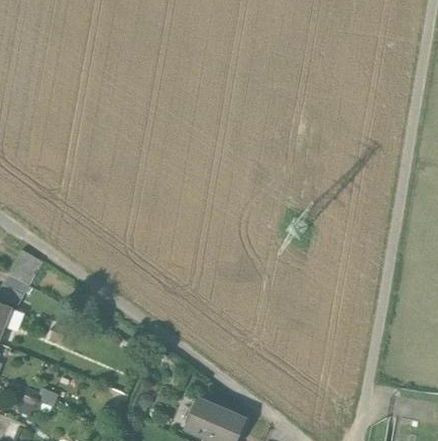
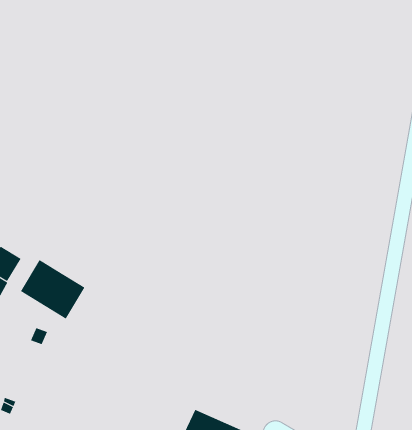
building: none -> [20,259,85,320]

